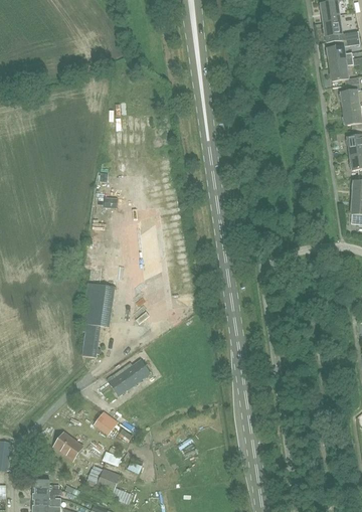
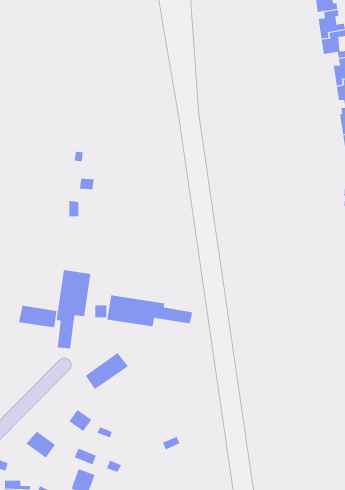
building: none -> [107,295,193,327]
building: none -> [19,305,57,328]

